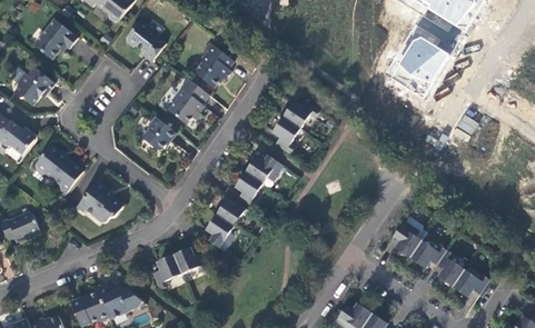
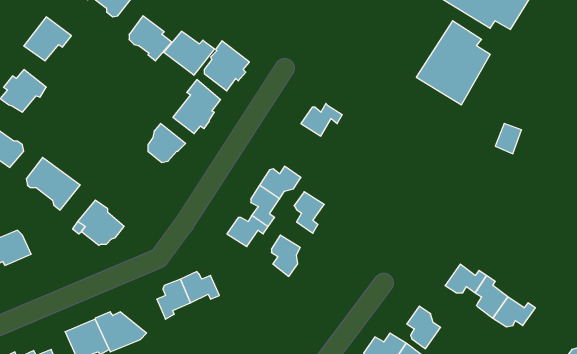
building: none -> [164,31,214,75]
building: [271,116,298,152] -> [294,192,324,233]
building: [207,213,232,250] -> [271,235,300,276]
building: [392,221,422,259] -> [407,306,441,349]

